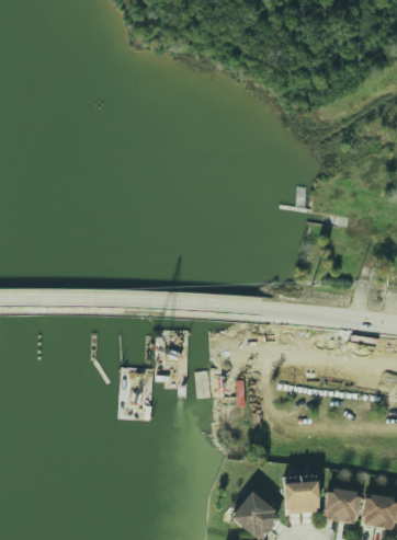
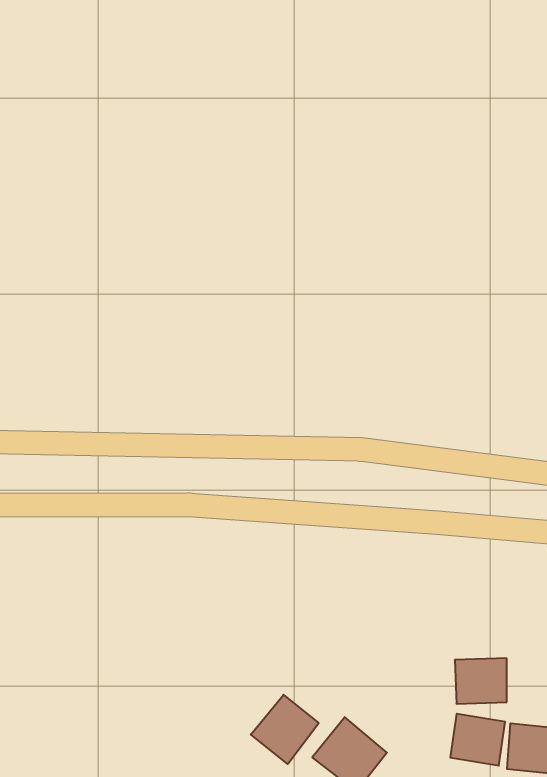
building: none -> [251,695,319,764]
building: [285,481,320,512] -> [455,658,507,704]

